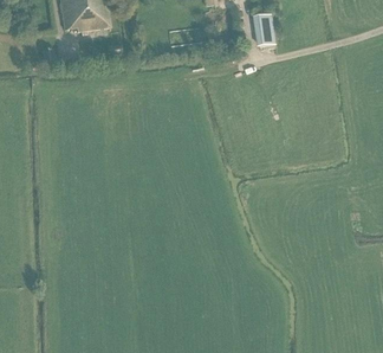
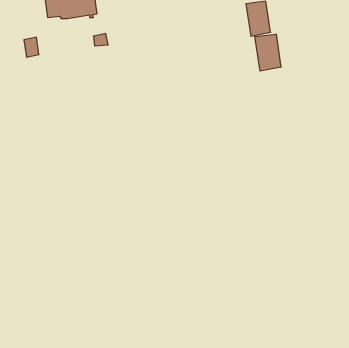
building: none -> [255,34,281,71]

